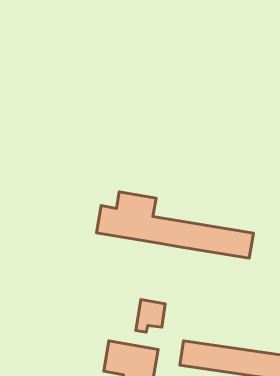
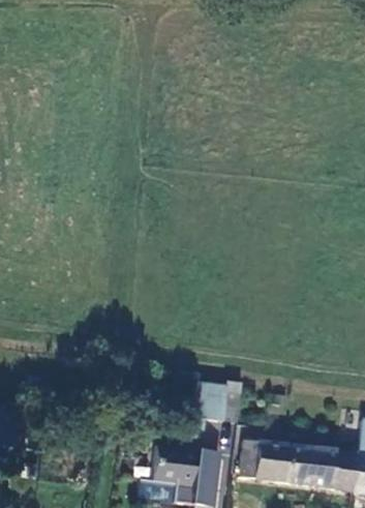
building: [96,192,253,258] -> none

